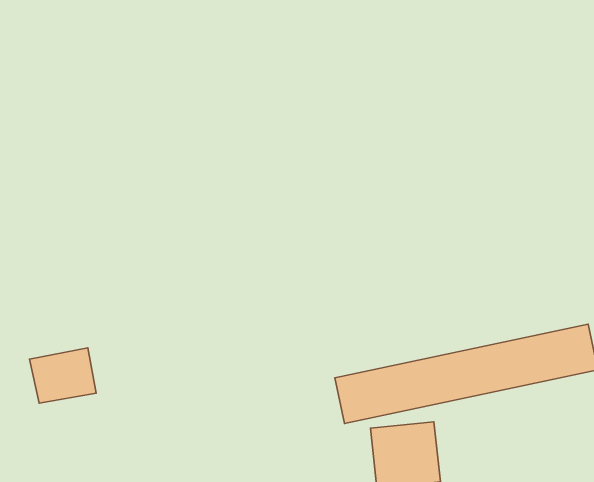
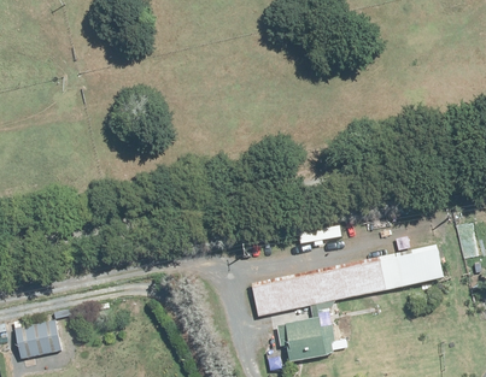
building: [29,348,96,403] -> [12,314,62,355]

